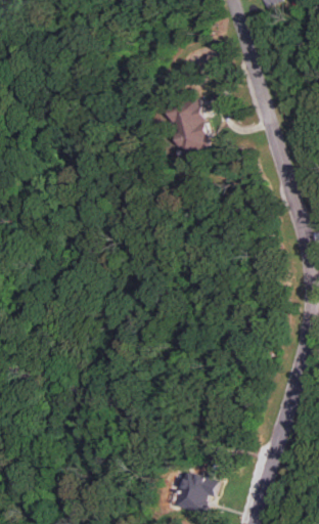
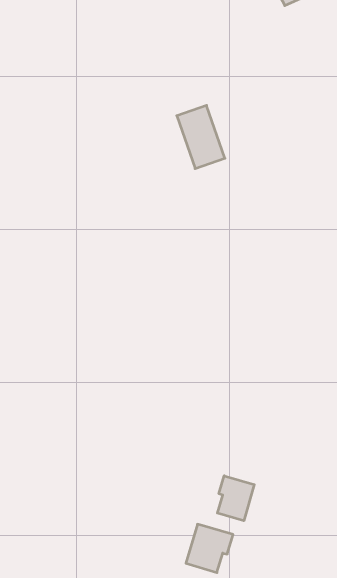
building: none -> [217,476,254,521]

